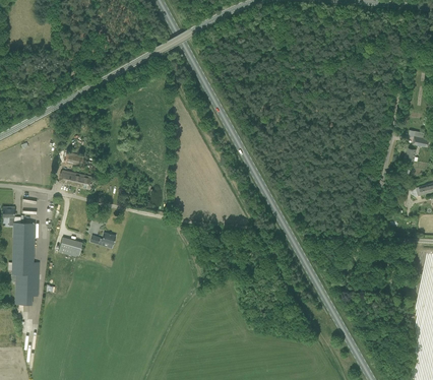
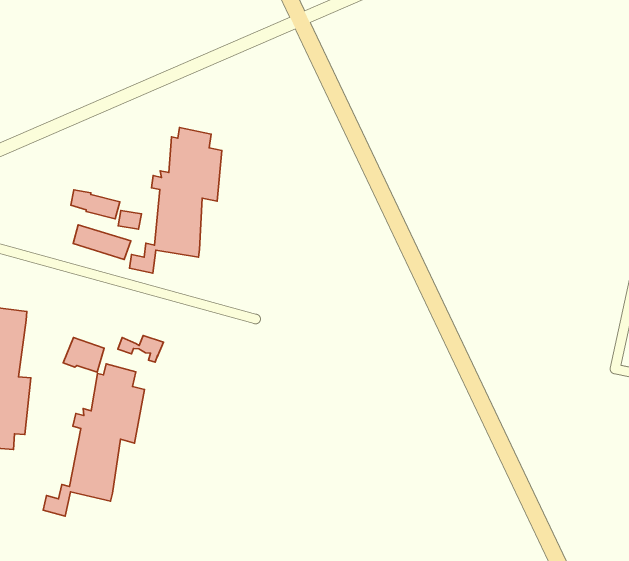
building: none -> [130,128,222,273]
building: none -> [43,364,145,516]

